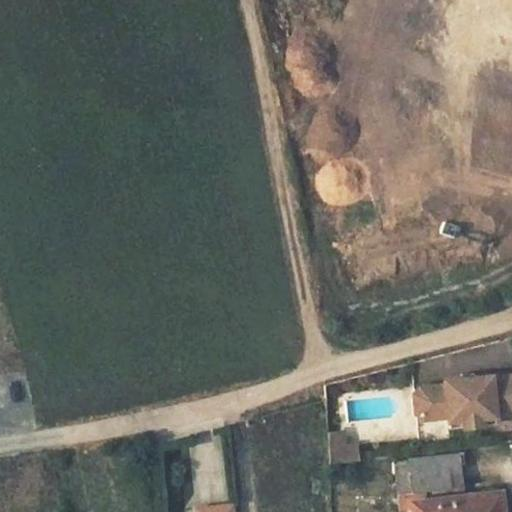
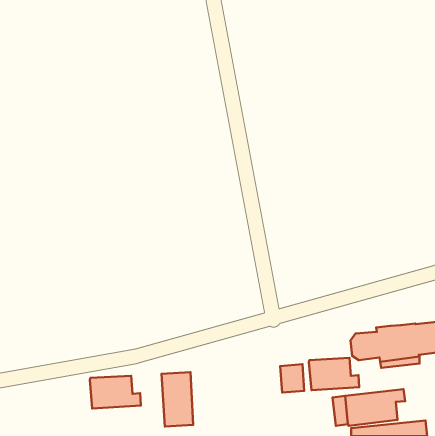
building: none -> [309,358,359,390]
building: none -> [90,376,141,408]

